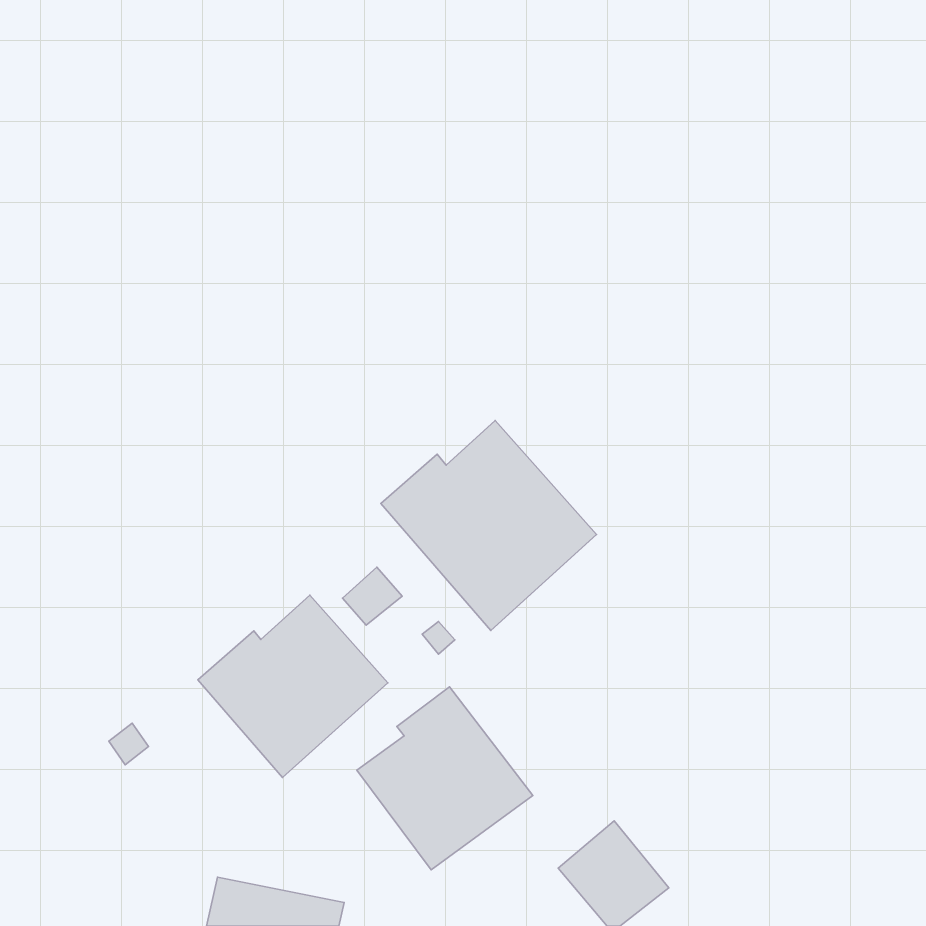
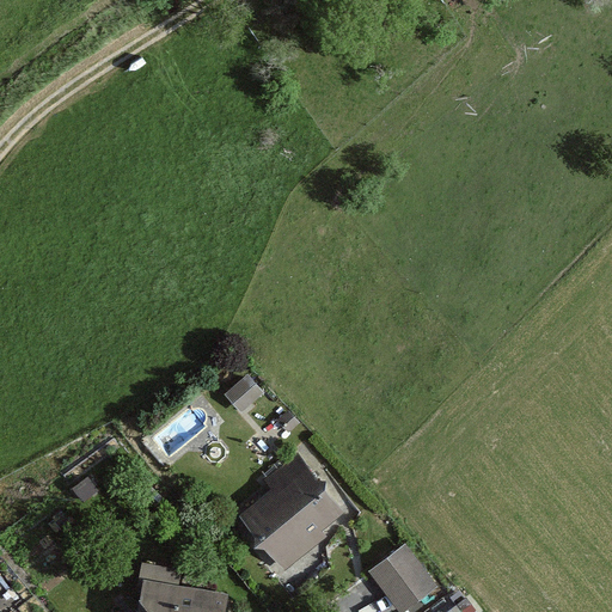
building: [381,420,597,630] -> none
building: [198,595,388,778] -> none

